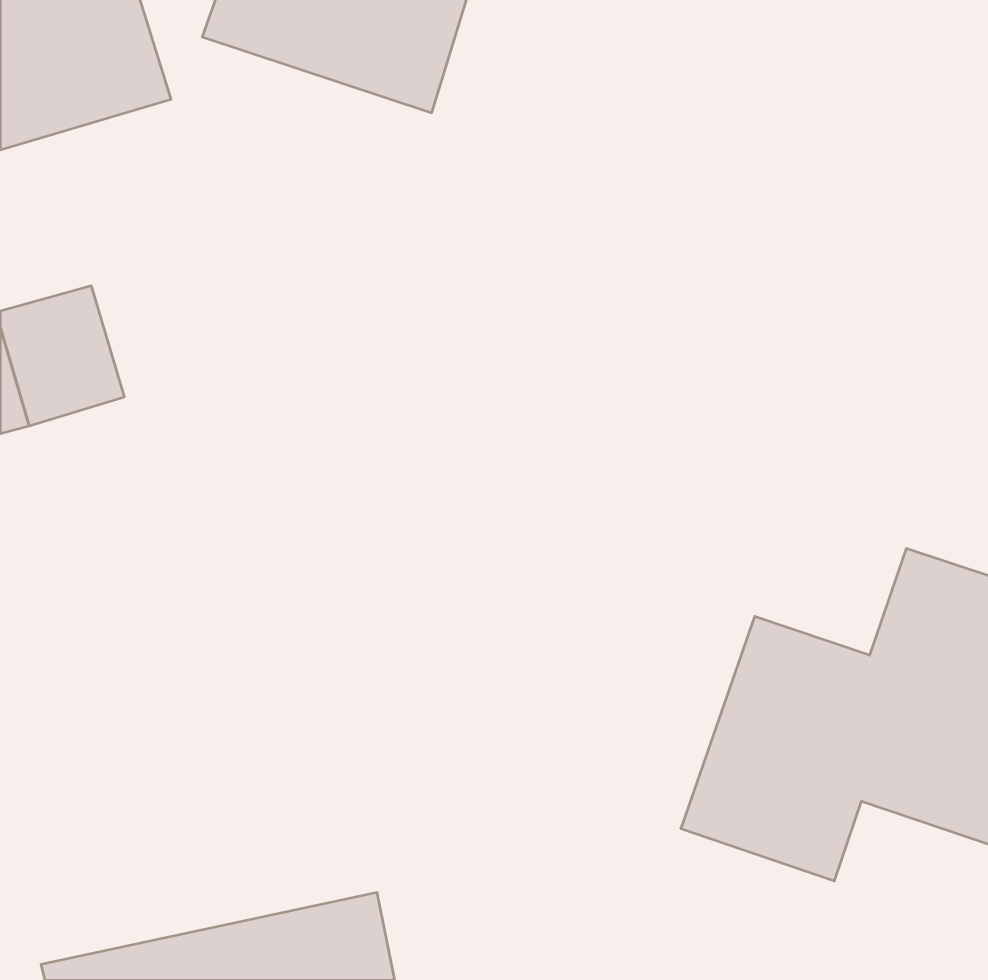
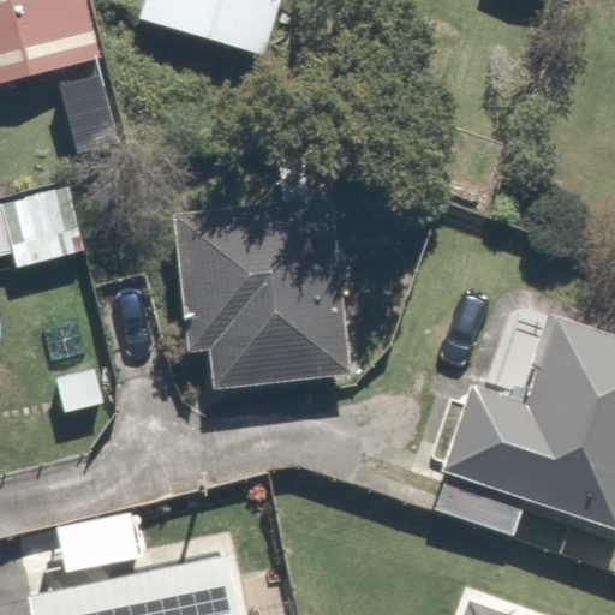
building: none -> [172,216,348,387]

